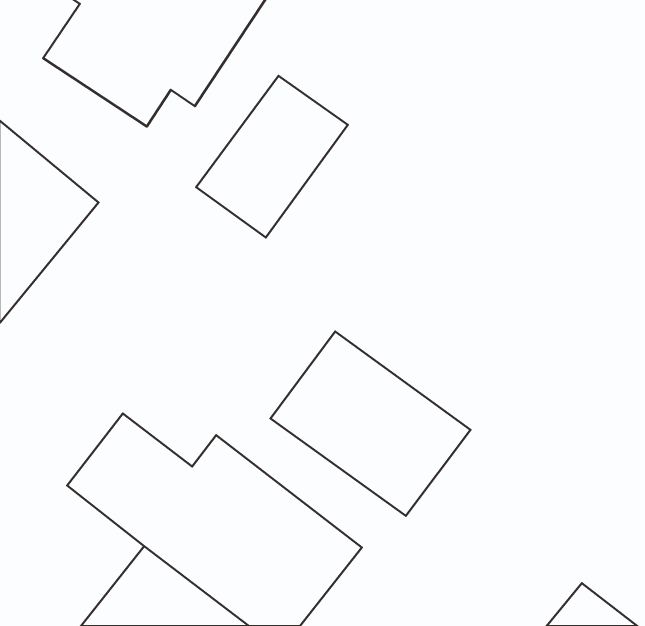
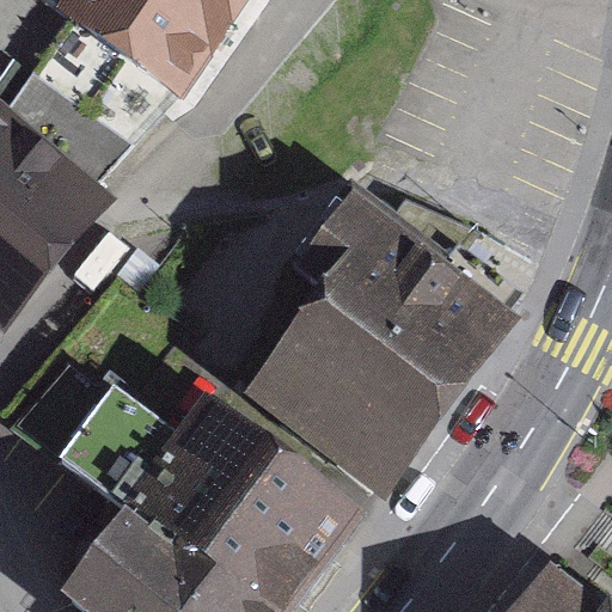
building: [196,76,348,237] -> none
building: none -> [286,195,506,406]

